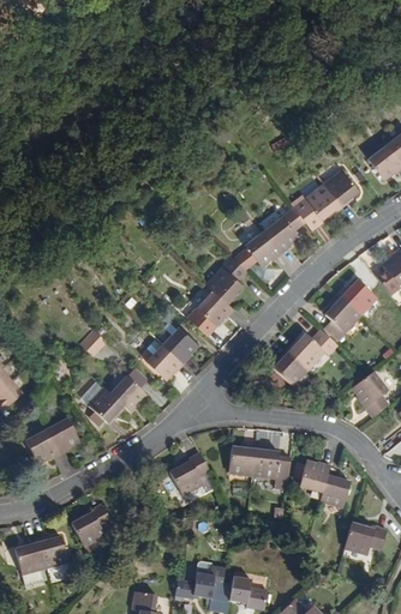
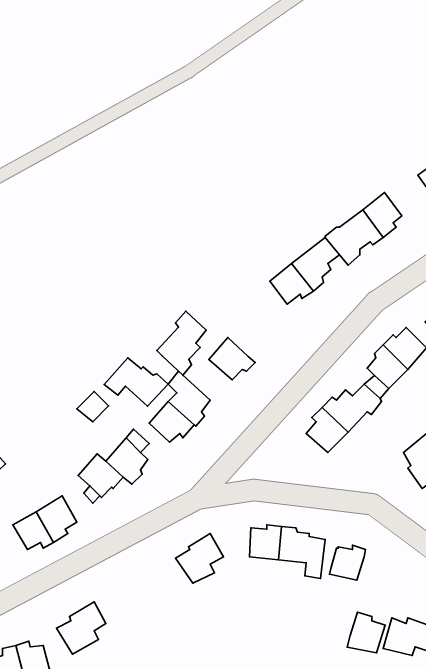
building: [205,252,246,305] -> [157,311,206,375]
building: none -> [104,358,168,406]
building: [315,470,346,504] -> [347,612,385,653]

